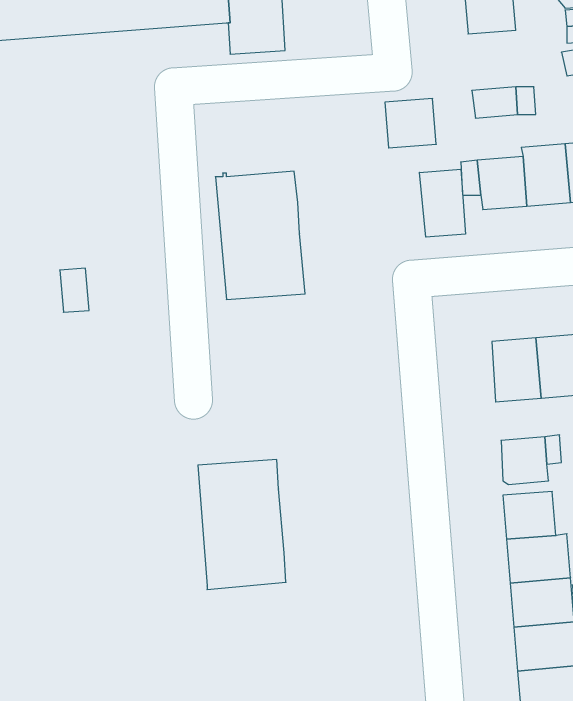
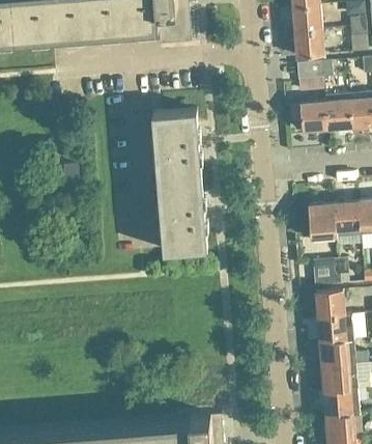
building: [385,99,436,148] -> [295,32,324,60]
building: [419,169,465,237] -> none
building: [198,460,286,590] -> [159,182,208,255]

